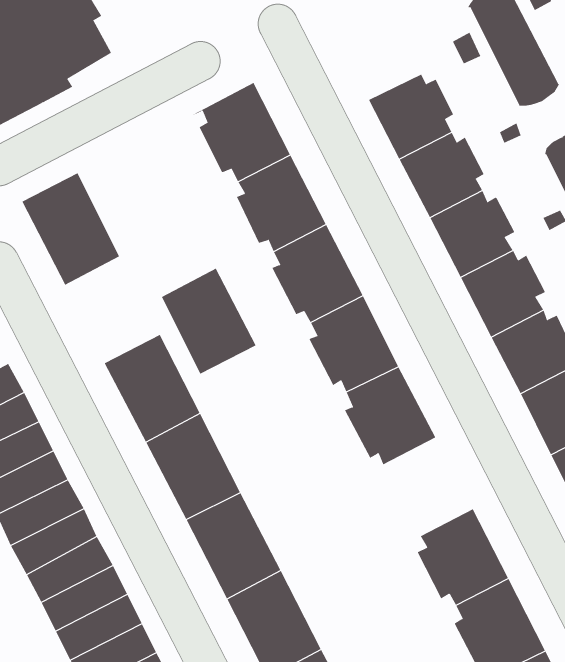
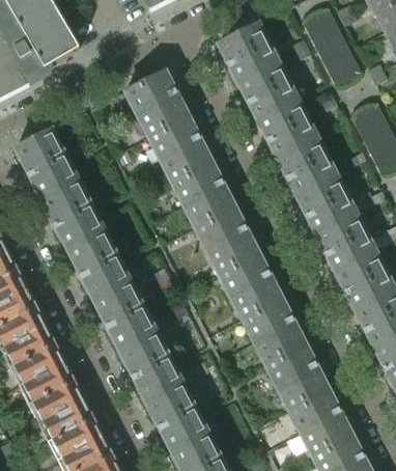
building: none -> [218,22,273,81]
building: [161,268,256,374] -> [43,182,104,250]
building: none -> [246,298,305,361]

